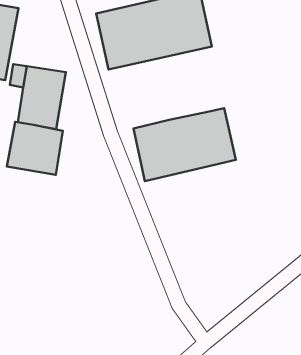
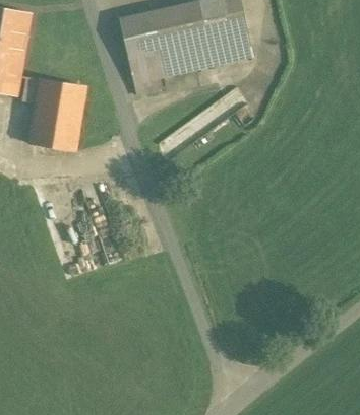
building: [133,108,236,181] -> none
building: [7,122,63,175] -> none

